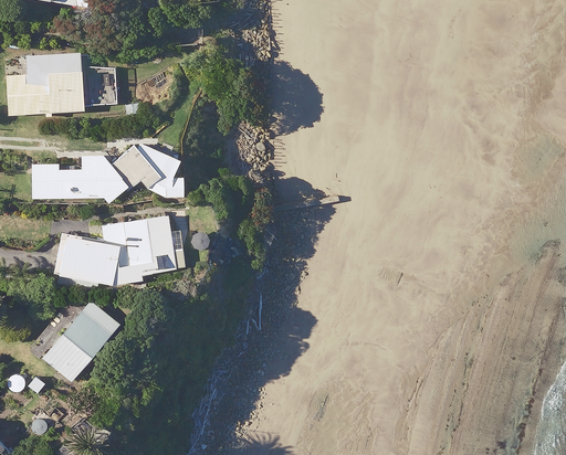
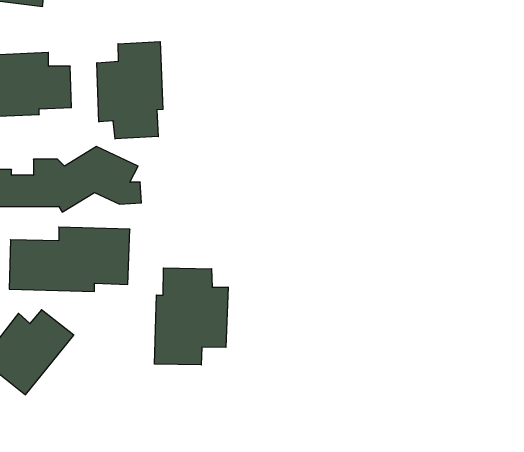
building: none -> [97,42,163,139]
building: none -> [155,268,228,365]

